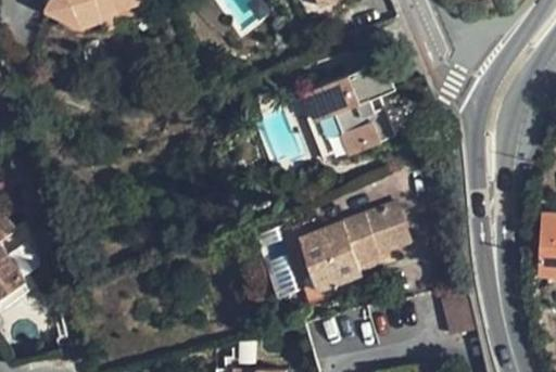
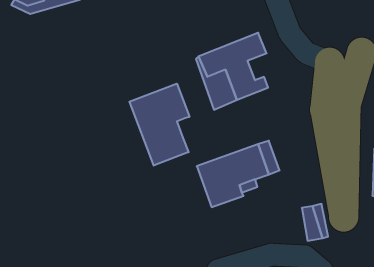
building: none -> [129,84,189,166]

